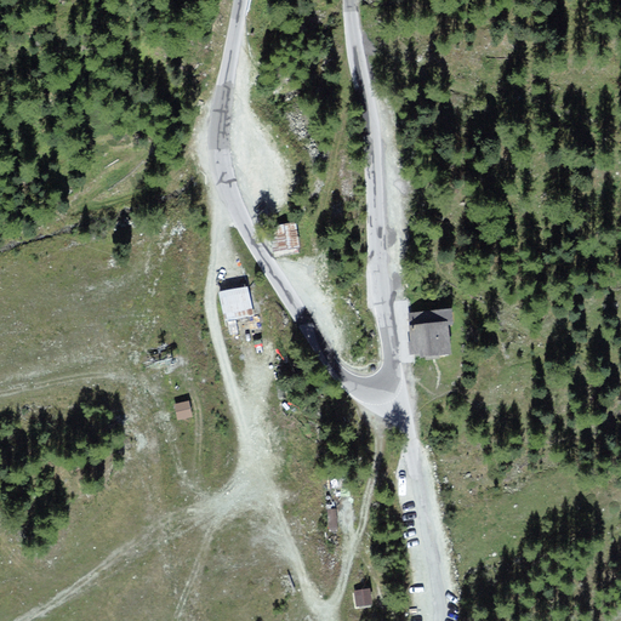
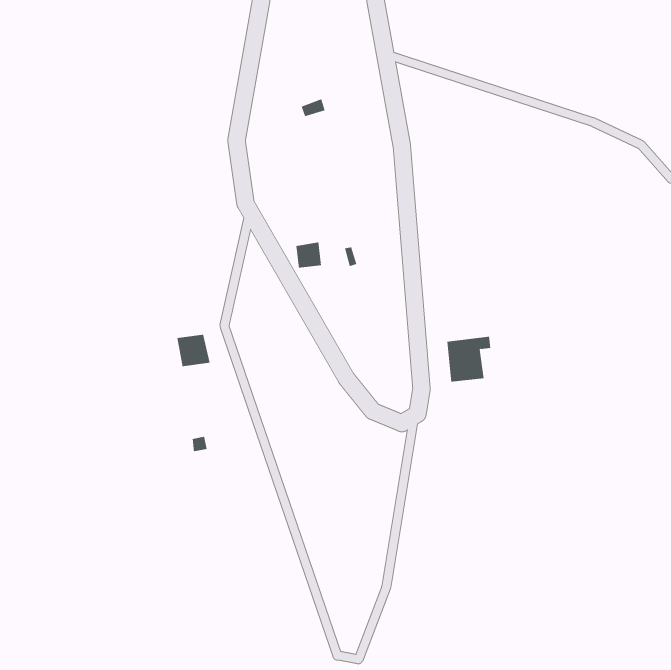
building: [221,289,252,319] -> [176,334,211,367]

